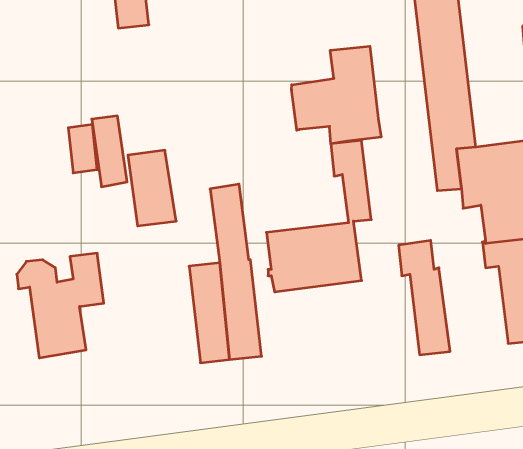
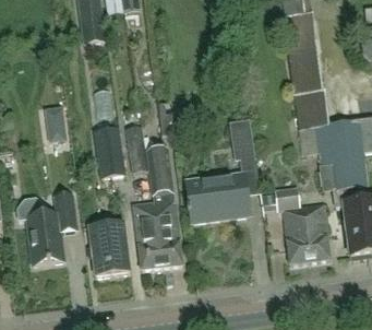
building: [292,46,381,144] -> none
building: [92,116,127,187] -> [123,123,147,172]
building: none -> [302,202,329,261]
building: none -> [89,222,130,274]

